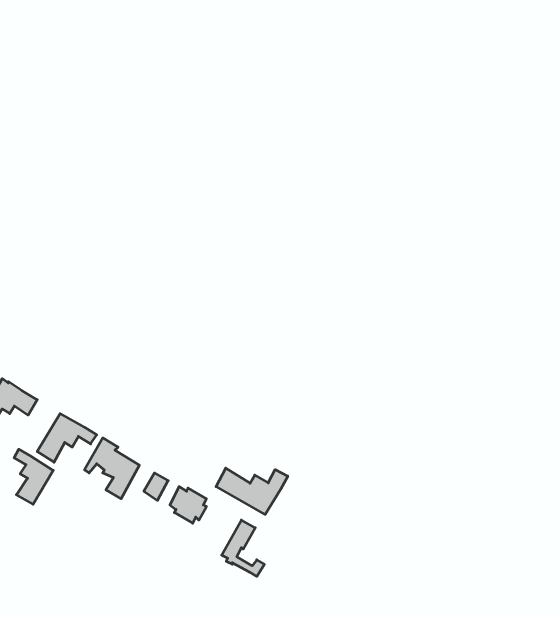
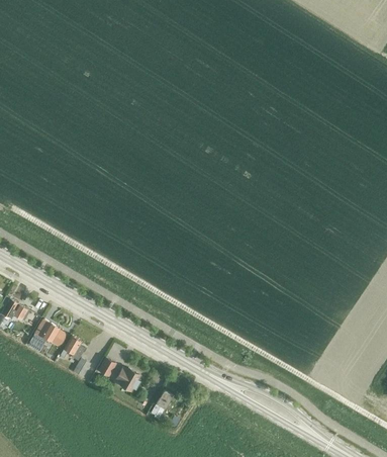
building: [14,449,53,504] -> none
building: [216,468,288,514] -> none

